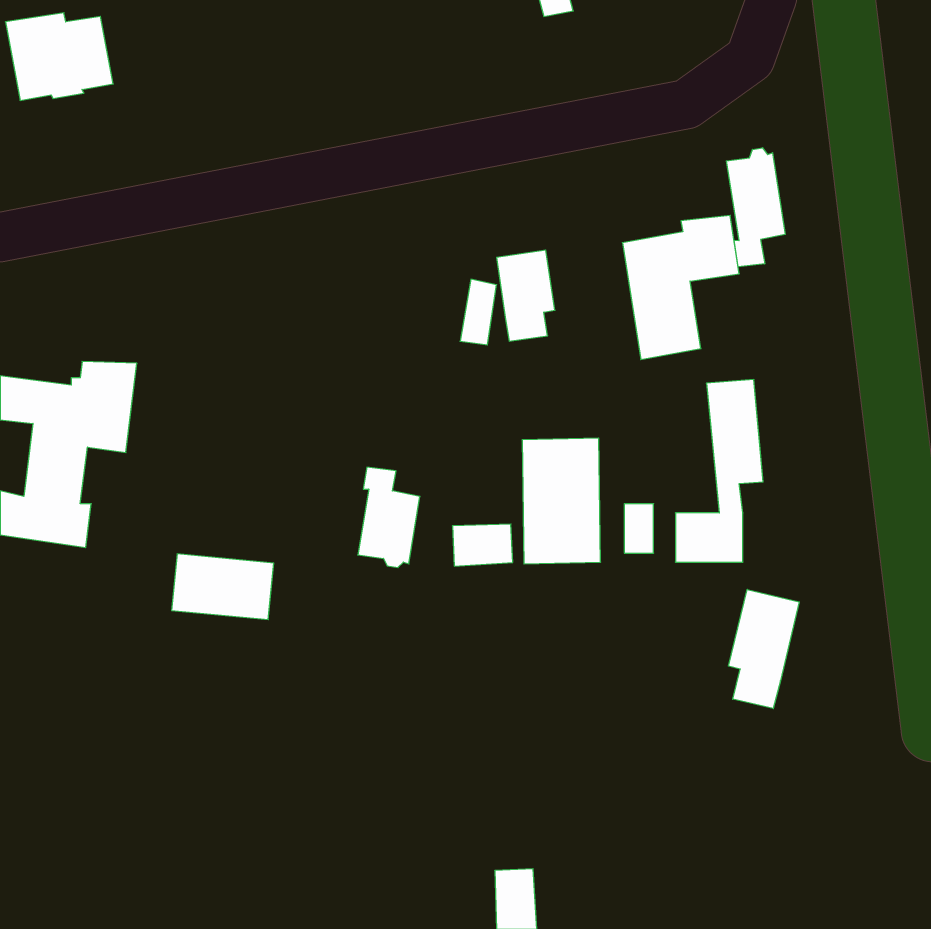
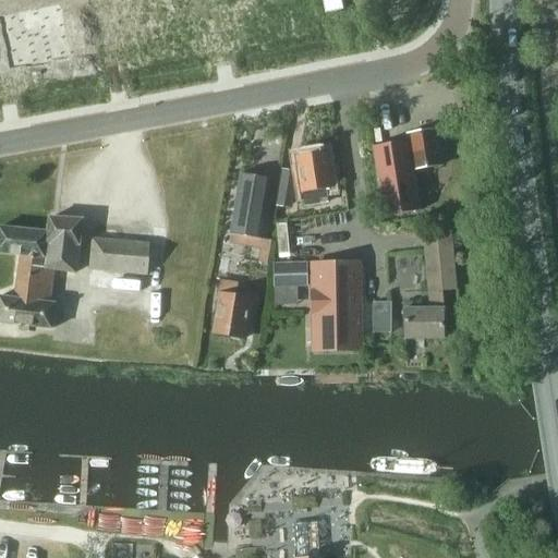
building: [726,148,785,267] -> none
building: none -> [231,171,271,236]
building: [452,524,513,566] -> [277,257,313,282]
building: [172,554,274,620] -> [89,234,150,274]
building: [729,589,799,709] -> none

